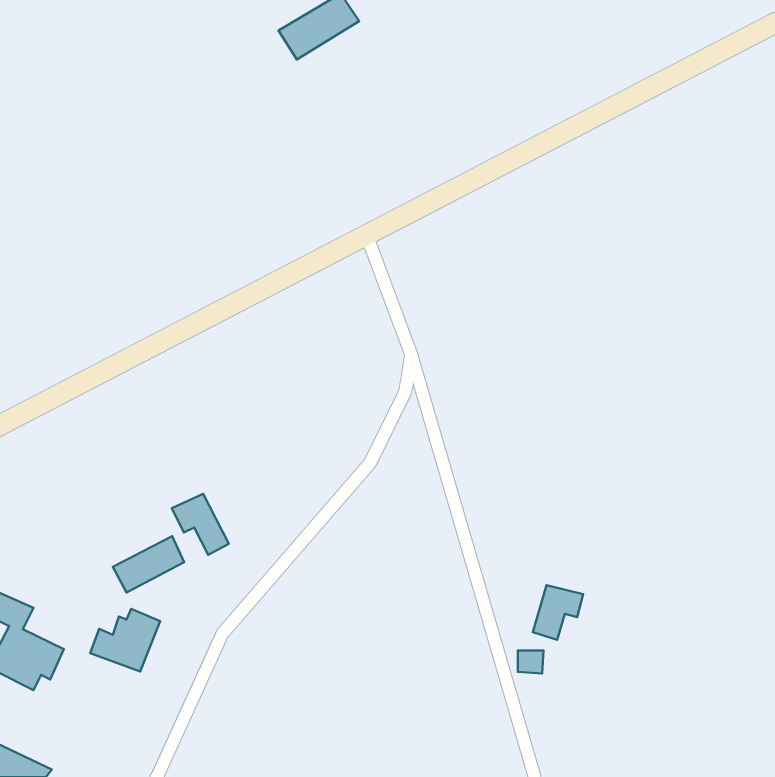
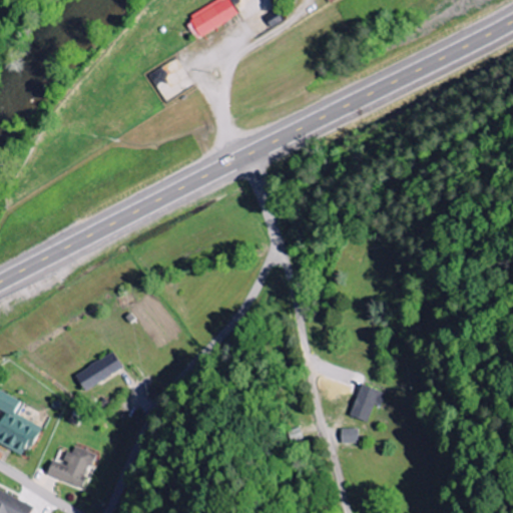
building: [172,494,229,555] -> none
building: [90,609,160,671] -> [47,446,93,487]

